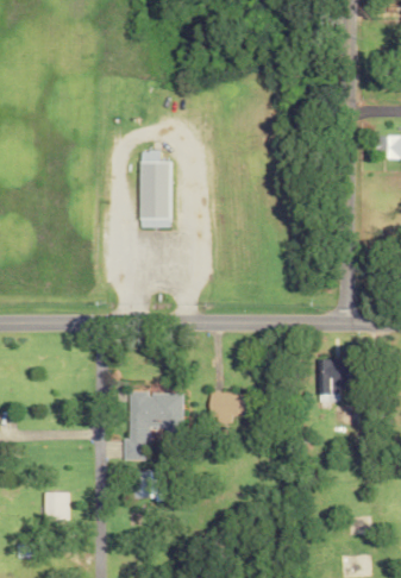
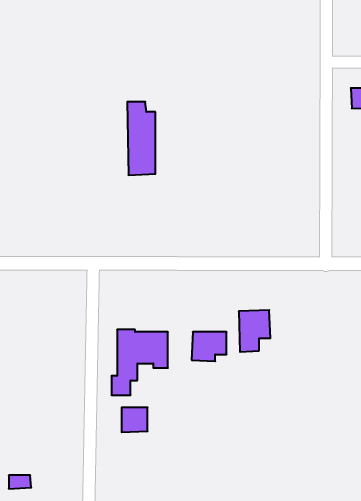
building: [319,359,352,403] -> [239,310,270,352]
building: [43,492,65,522] -> none

